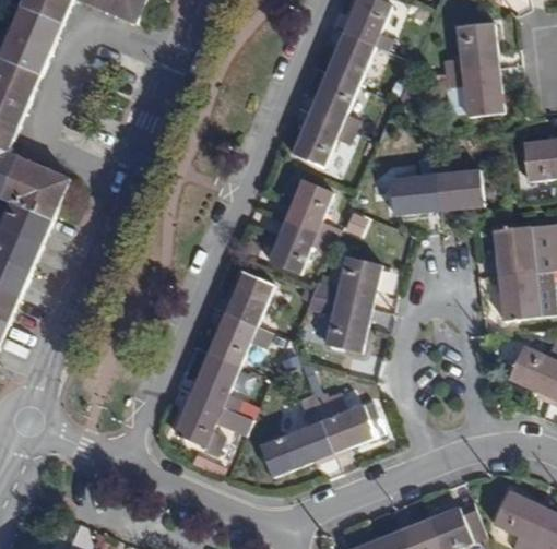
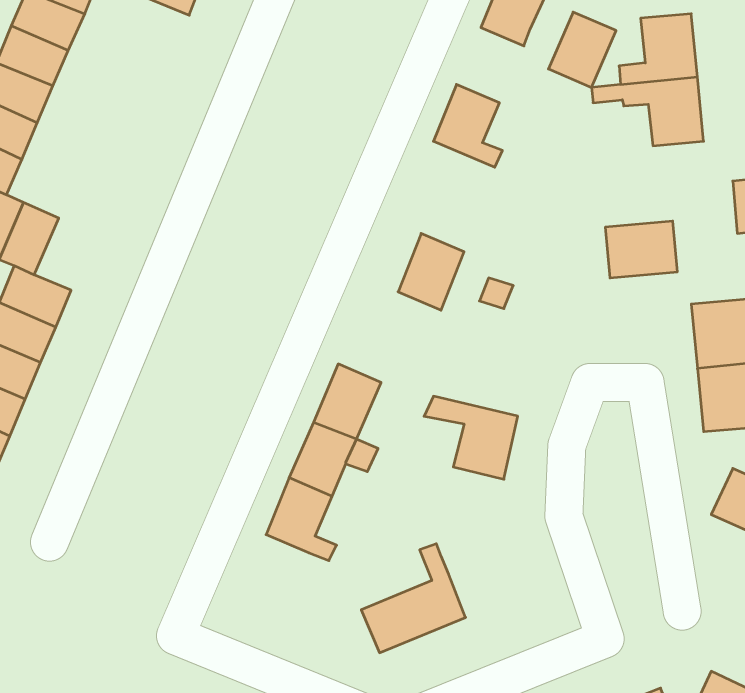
building: [327,32,375,85] -> [548,12,616,87]
building: [292,112,354,167] -> none
building: [26,167,70,218] -> none
building: [389,174,436,214] -> none
building: [268,219,316,274] -> none
building: [310,255,381,308] -> none
building: [311,390,382,451] -> none
building: [174,392,251,456] -> none

